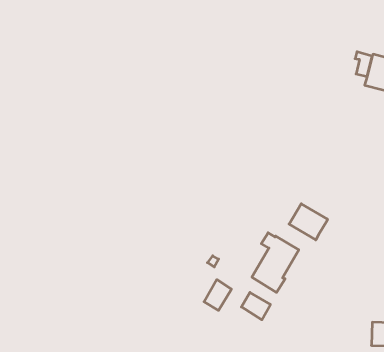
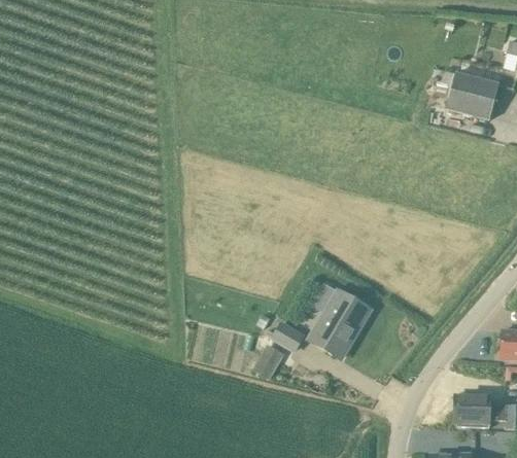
building: [289,204,327,240] -> none
building: [241,292,270,320] -> [272,321,307,354]

